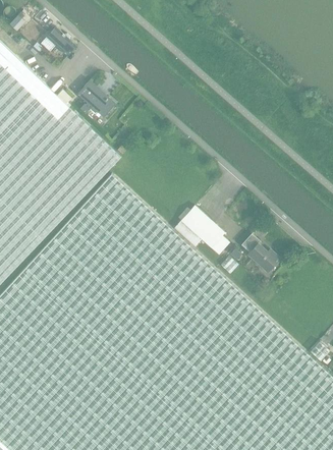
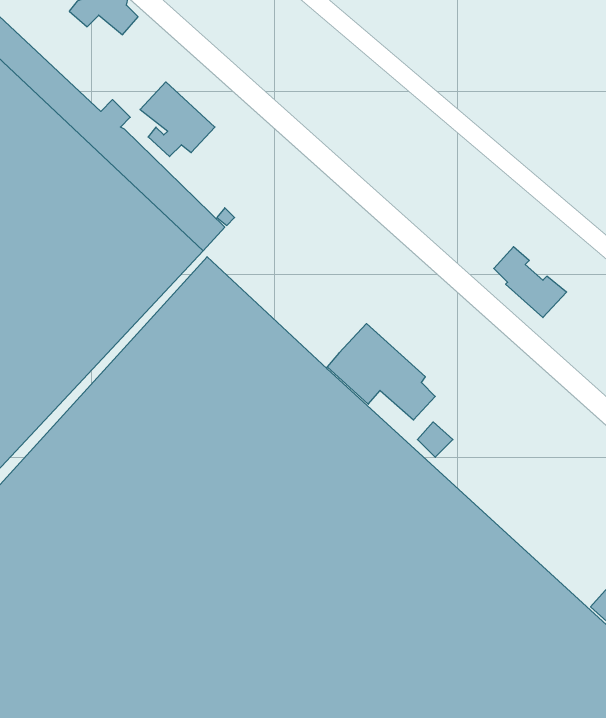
building: [241,235,279,272] -> [494,247,567,318]

